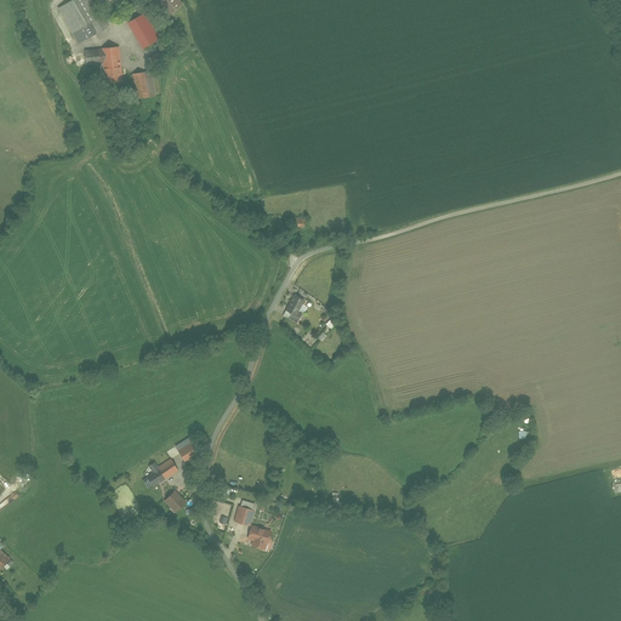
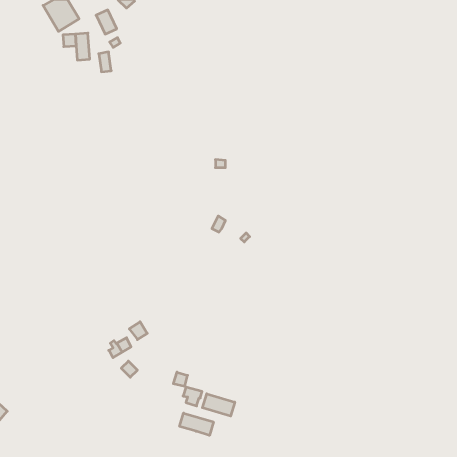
building: none -> [202,394,235,416]
building: none -> [180,413,213,435]

